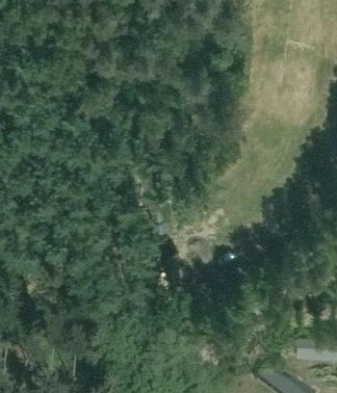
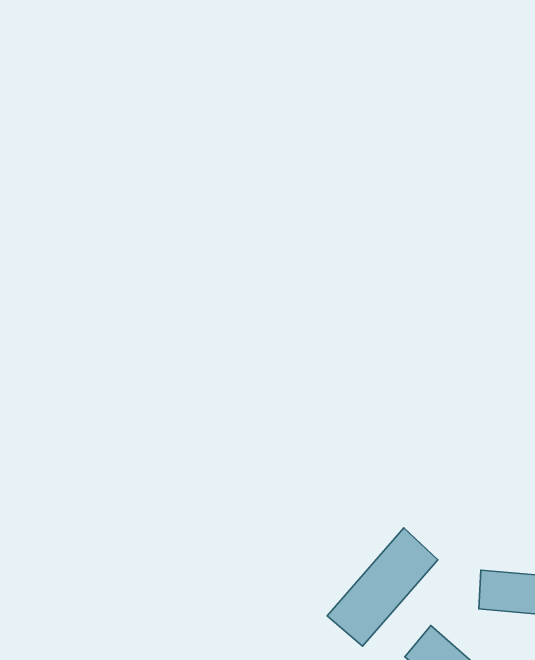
building: none -> [327,528,438,646]

